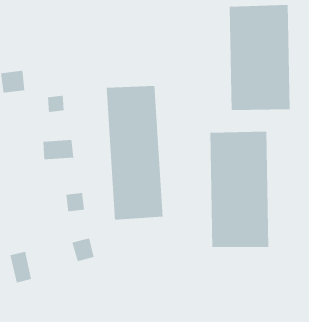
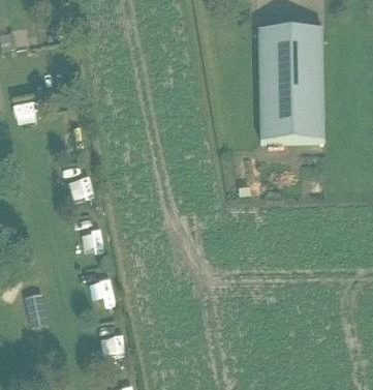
building: [106,85,163,220] -> none
building: [210,131,269,248] -> none

